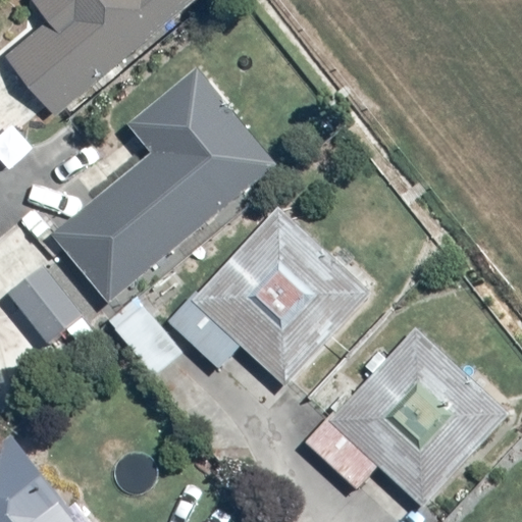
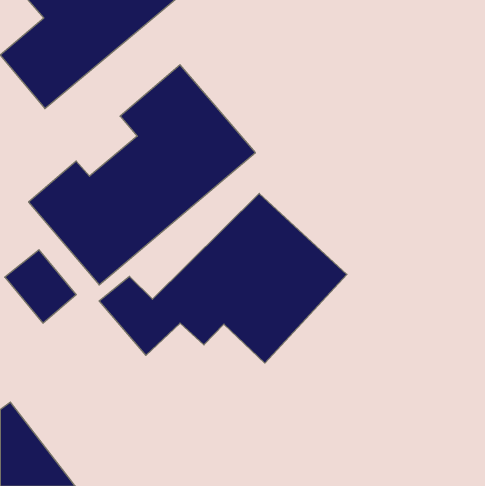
building: [306,325,510,508] -> none

